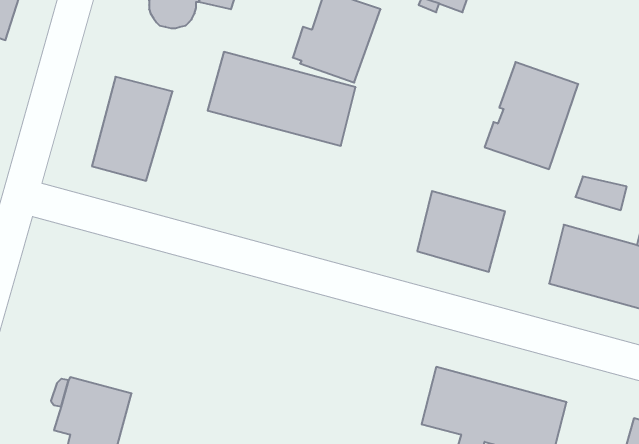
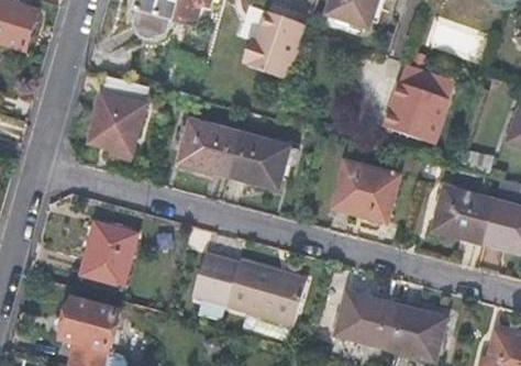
building: [208,52,356,146] -> [178,119,289,189]
building: none -> [80,222,138,287]
building: none -> [193,251,307,320]

